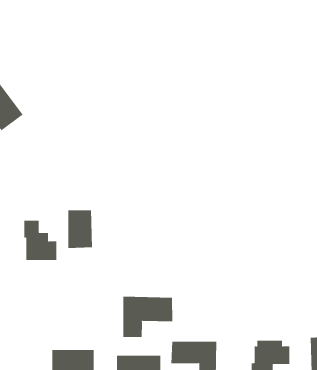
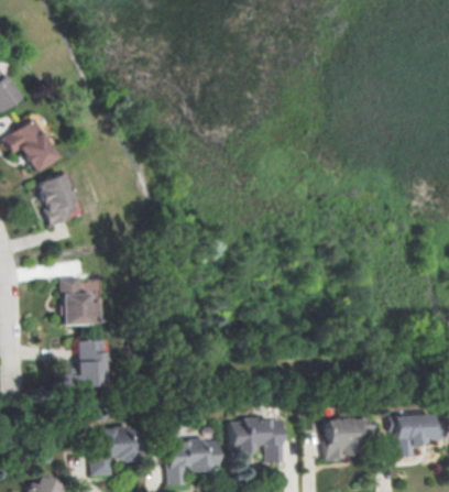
building: none -> [39,173,77,225]
building: [68,210,93,248] -> [77,340,107,385]
building: [123,296,173,338] -> none

